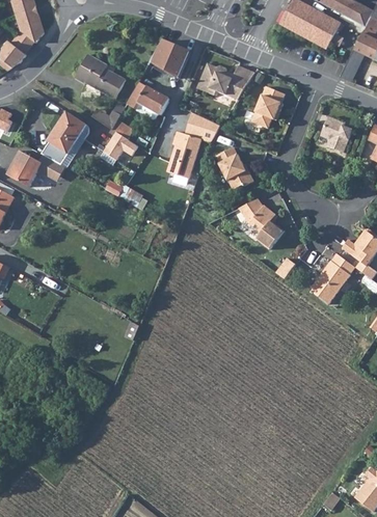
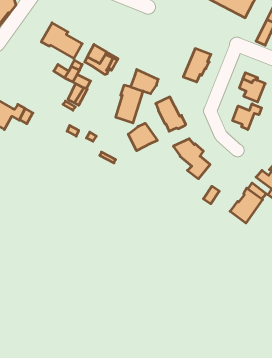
building: [150,39,190,78] -> none
building: [196,62,254,100] -> none
building: [48,111,85,153] -> none
building: none -> [233,104,262,130]
building: none -> [128,123,157,151]

